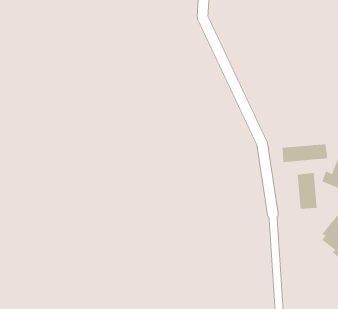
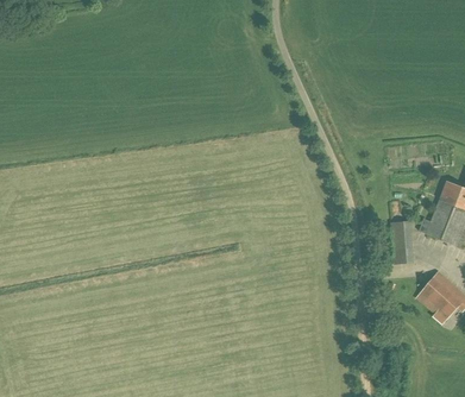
building: [282,144,328,163] -> none

